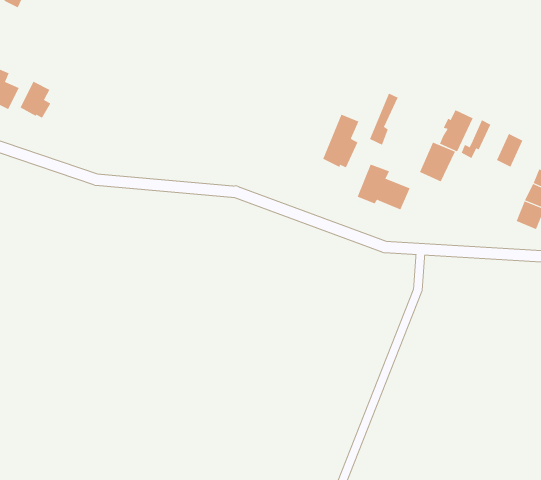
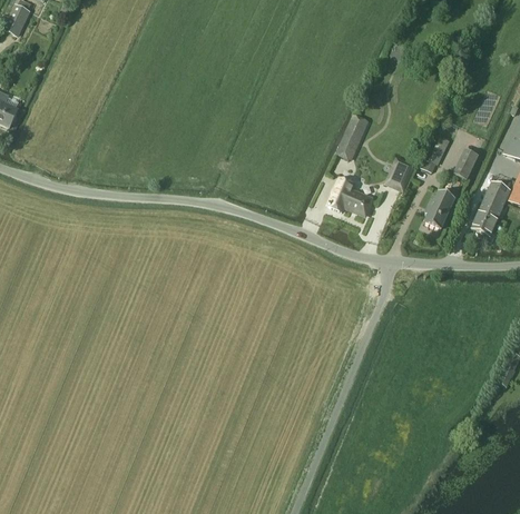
building: [20,81,51,118] -> none
building: [439,109,474,152] -> [425,189,457,228]
building: [323,114,359,168] -> none

